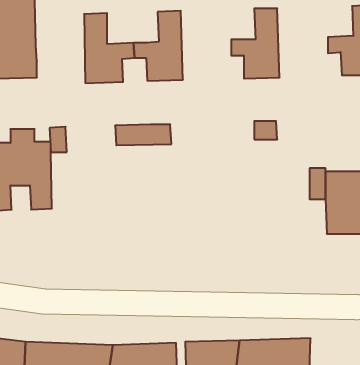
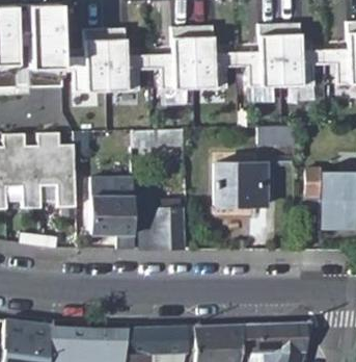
building: none -> [279,23,325,86]
building: none -> [192,26,238,88]
building: none -> [61,29,106,93]
building: none -> [215,164,267,205]
building: none -> [91,178,135,248]
building: none -> [139,202,183,249]

